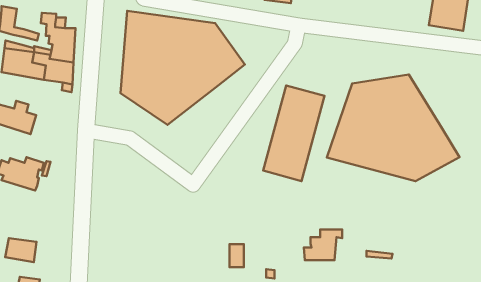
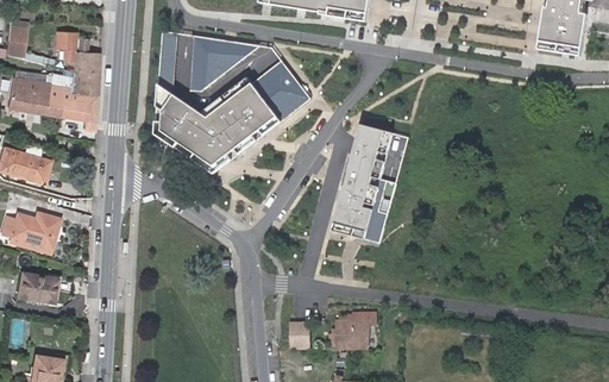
building: [327,74,459,181] -> none
building: [304,229,342,260] -> [326,311,373,349]
building: [5,238,37,262] -> [15,273,55,302]

